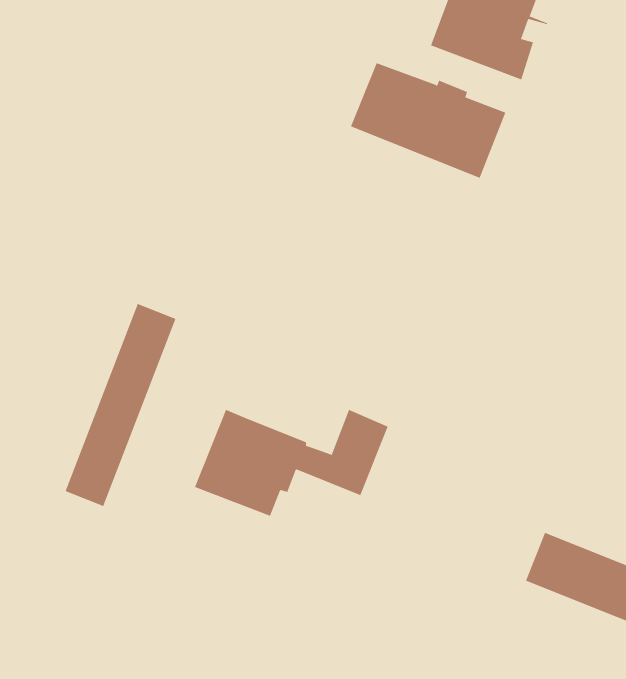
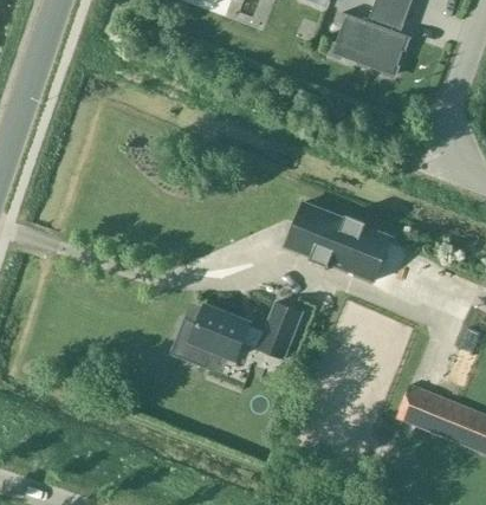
building: [350,62,506,178] -> [287,202,394,281]
building: [65,303,176,507] -> none

